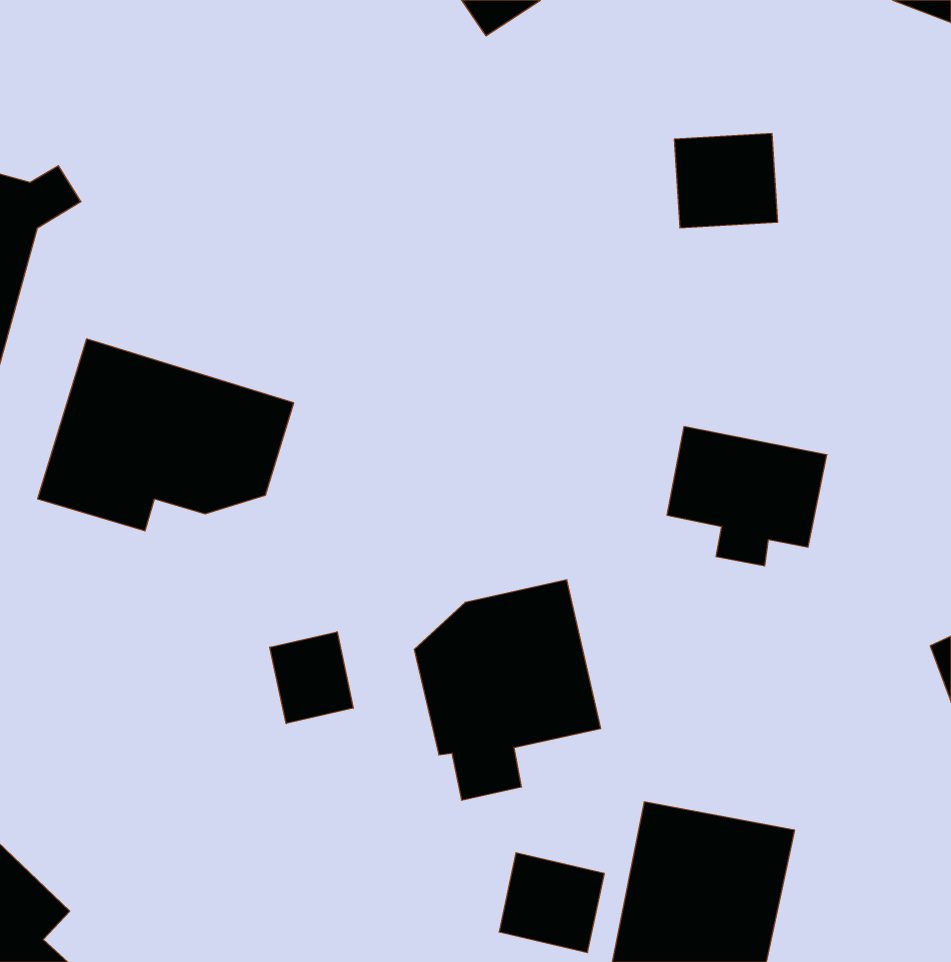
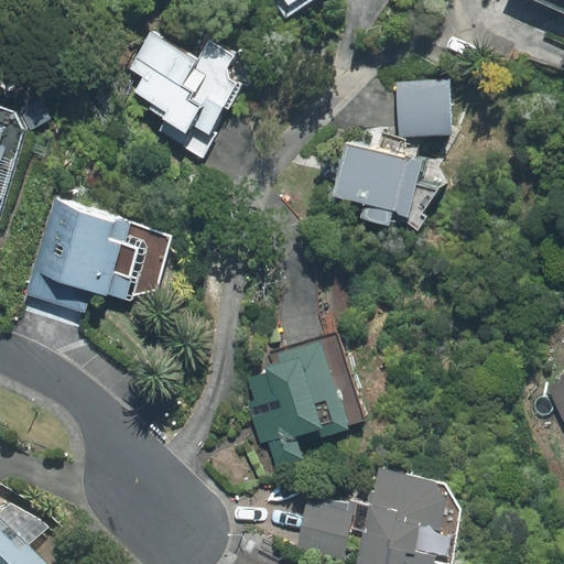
building: none -> [128,26,256,154]
building: [667,427,827,566] -> [335,143,429,225]
building: [270,632,353,724] -> none

